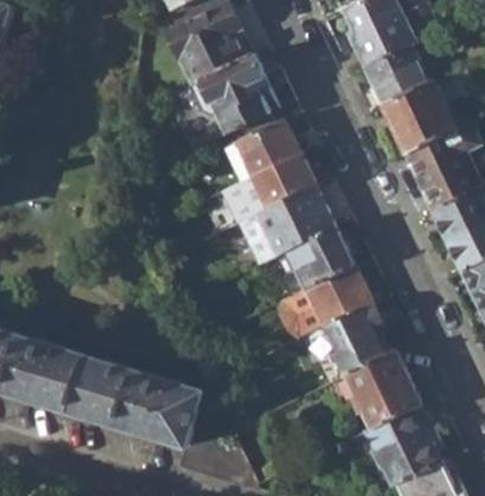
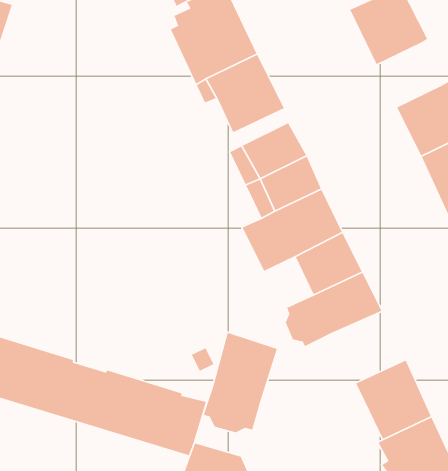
building: [367,46,430,108] -> none
building: [324,305,395,378] -> none
building: none -> [203,332,278,433]

